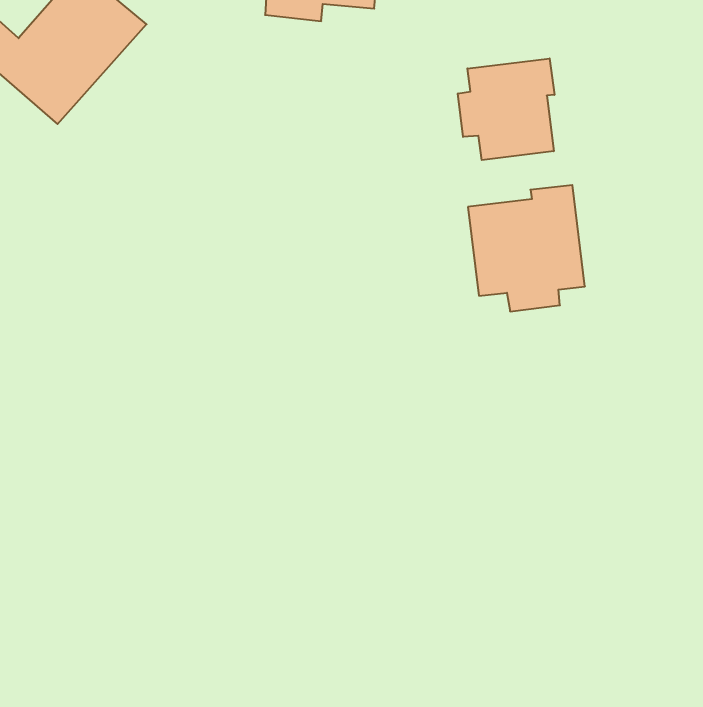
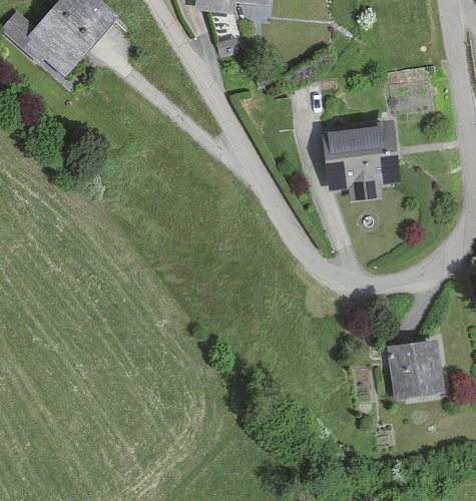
building: [458,58,554,160] -> none
building: none -> [386,335,443,395]

